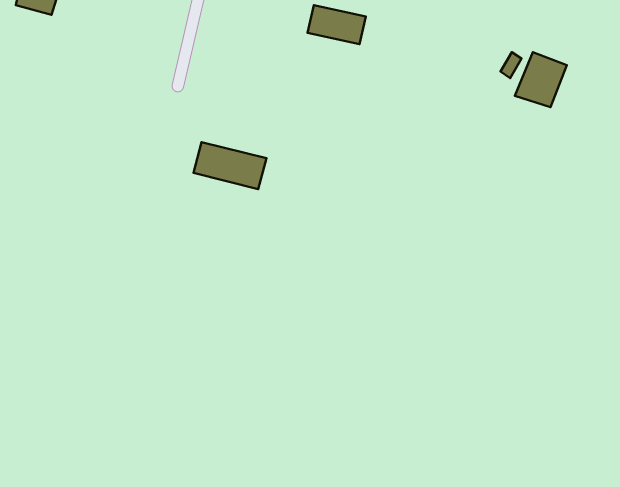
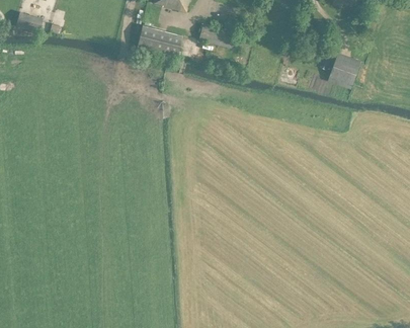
building: [193,142,266,189] -> [137,26,182,56]

